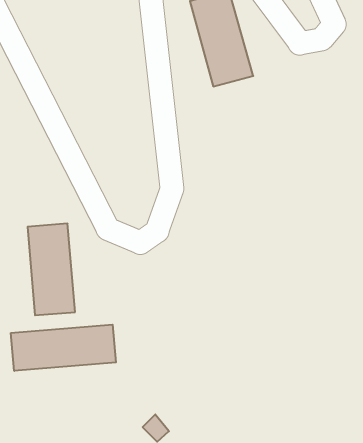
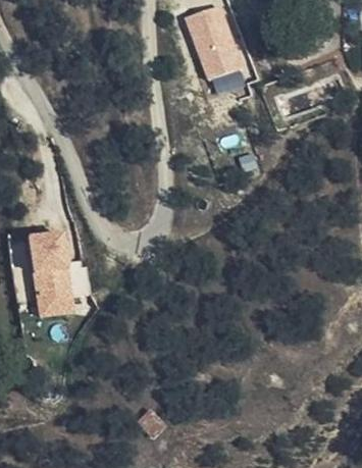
building: [11,325,116,371] -> none

